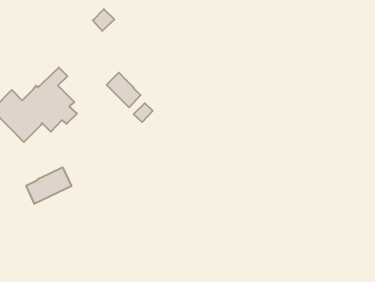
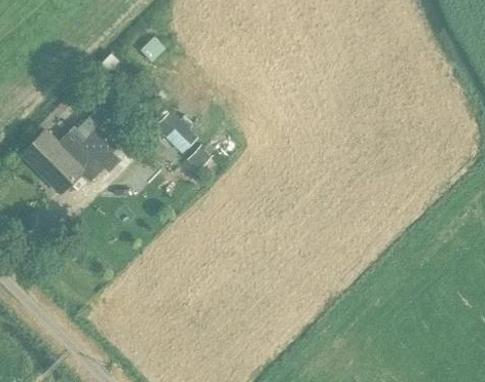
building: [26,167,71,204] -> none

